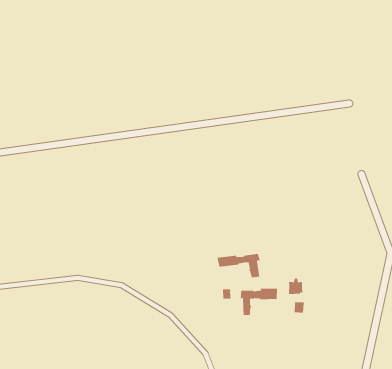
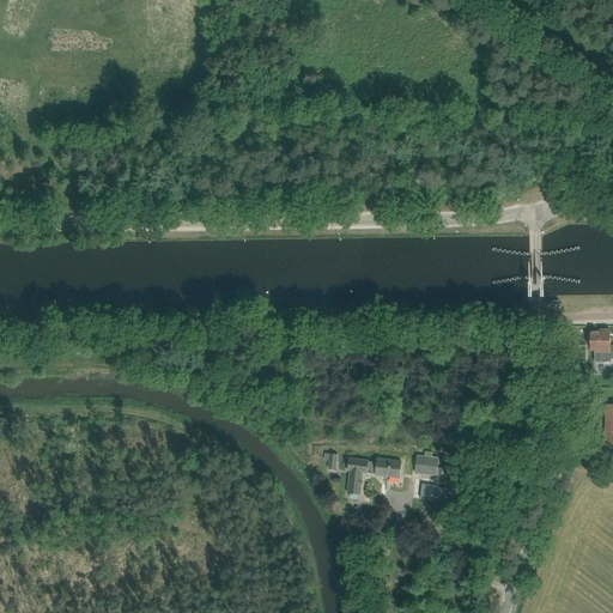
building: [217,253,260,278] -> none

